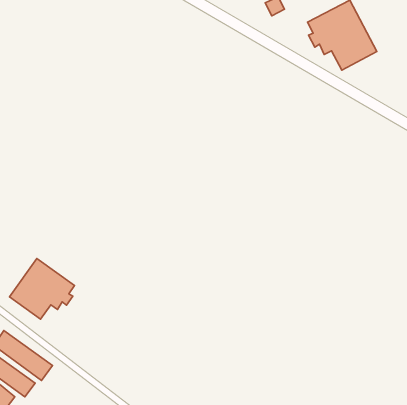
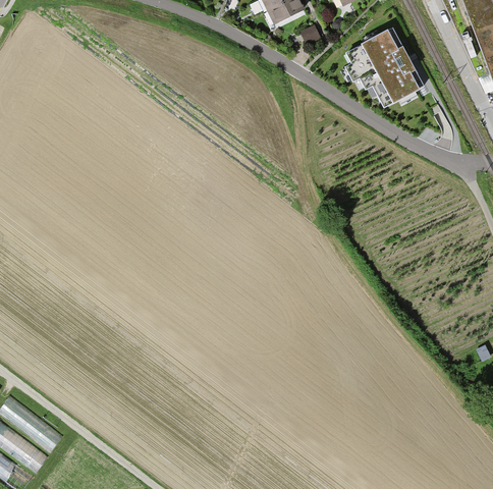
building: [10,259,74,319] -> none

